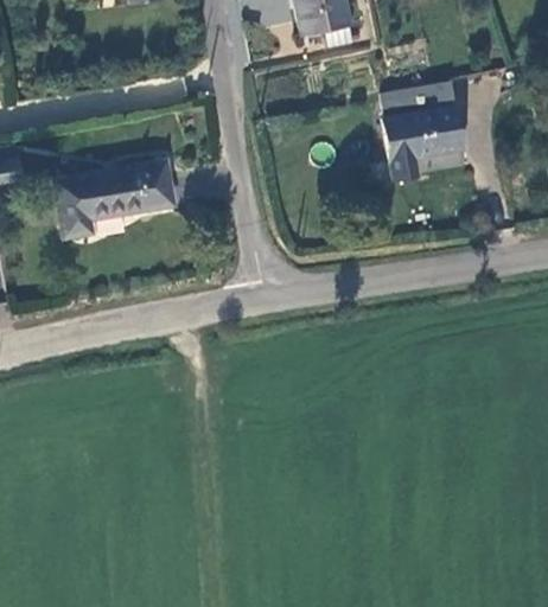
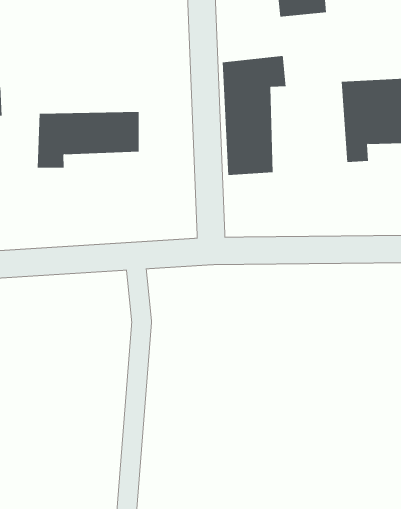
building: none -> [222,55,286,176]

